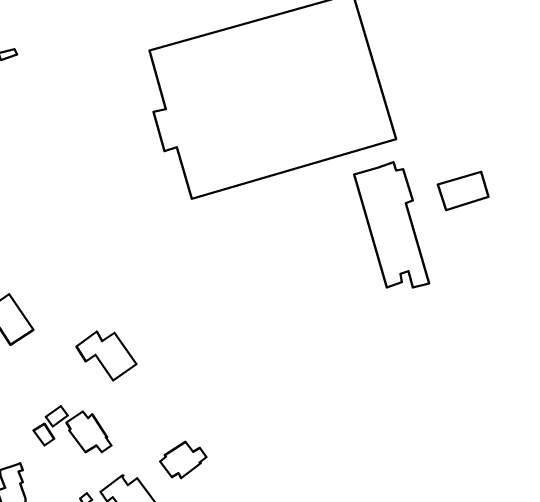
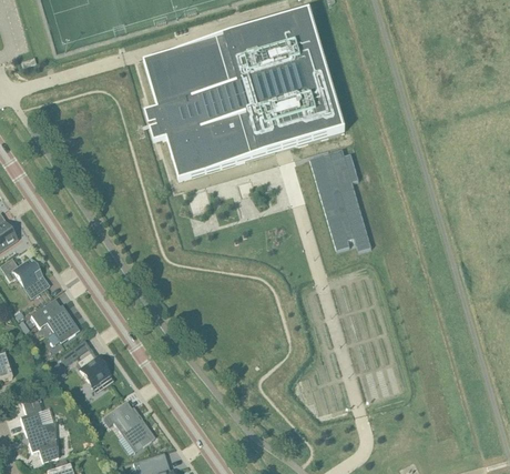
building: [438,172,489,210] -> none
building: [76,332,136,381] -> [30,301,79,341]
building: [160,442,207,478] -> none

